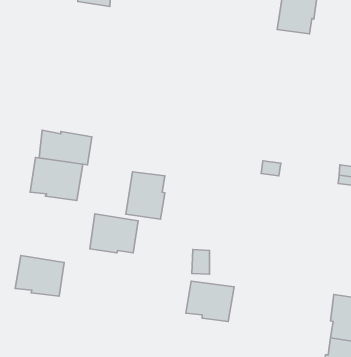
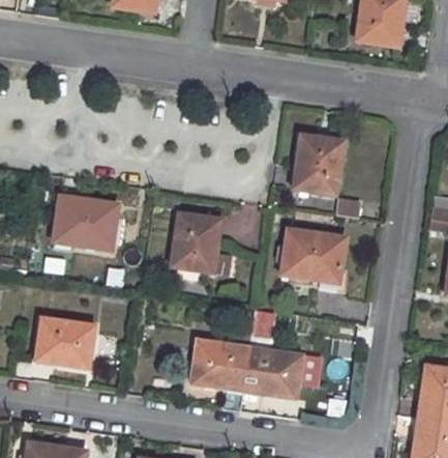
building: none -> [296,136,344,194]
building: [39,130,92,165] -> none
building: none -> [281,228,345,279]
building: [90,214,138,253] -> [191,339,250,387]

